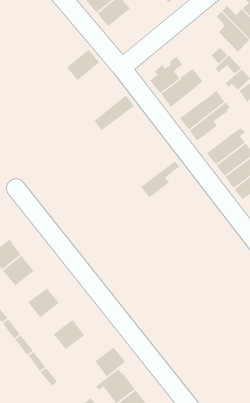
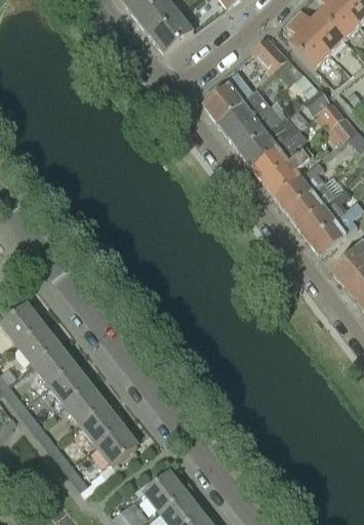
building: none -> [251,37,288,74]
building: [66,49,100,81] -> [151,13,194,54]
building: [93,95,135,131] -> [230,106,282,152]
building: [140,160,180,198] -> [262,148,313,196]
building: none -> [34,345,74,383]
building: none -> [66,385,106,425]
building: [94,347,126,377] -> [97,426,137,465]

